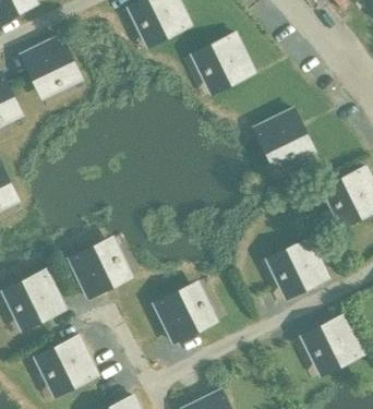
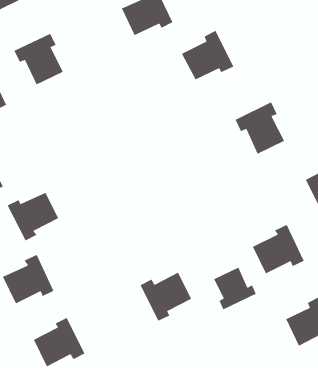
building: [69,245,124,298] -> [6,192,59,241]
building: none -> [213,267,257,311]

